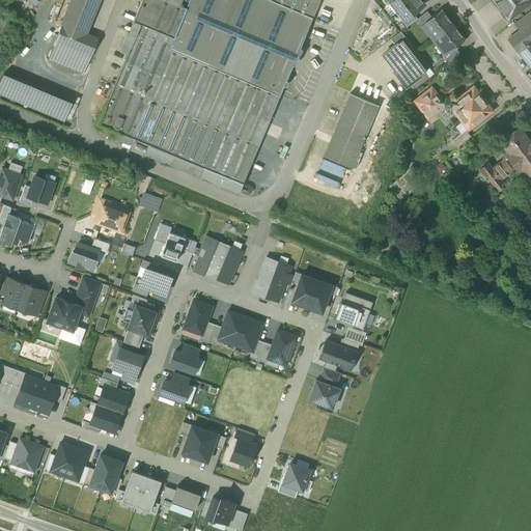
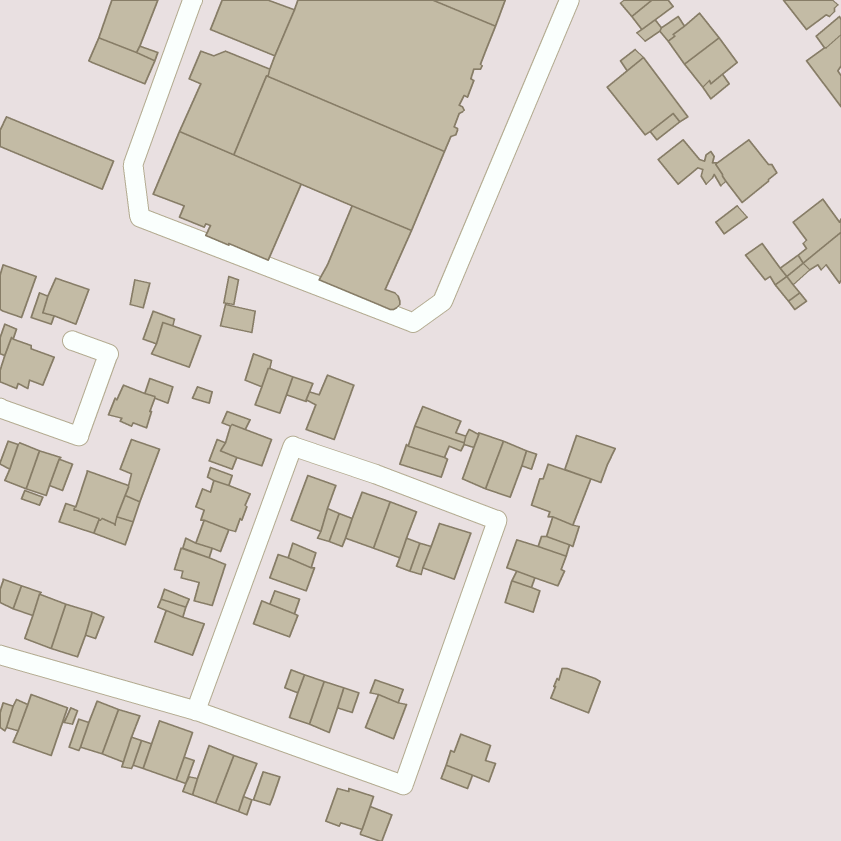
building: [127,19,173,44] -> none
building: [50,39,91,73] -> none
building: [323,93,379,168] -> none
building: [169,116,222,176] -> none
building: [211,243,243,284] -> none
building: none -> [565,436,615,482]
building: [308,380,339,408] -> [551,668,600,713]
building: [90,404,121,432] -> none
building: [172,486,200,510] -> none

